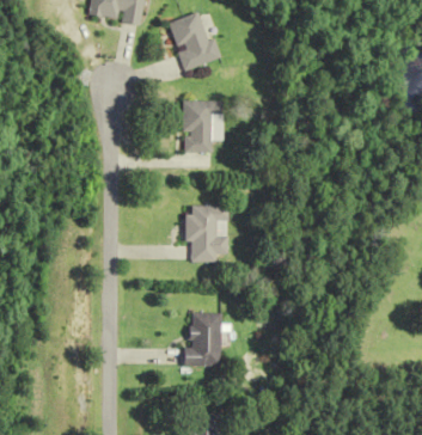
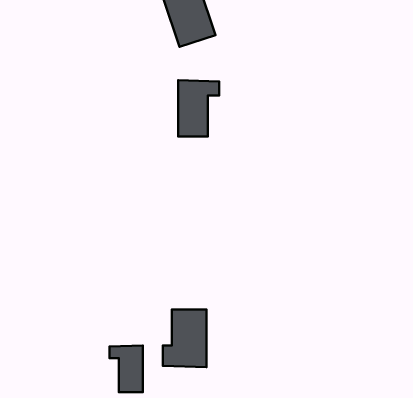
building: [175,206,220,263] -> none
building: none -> [109,345,143,392]

